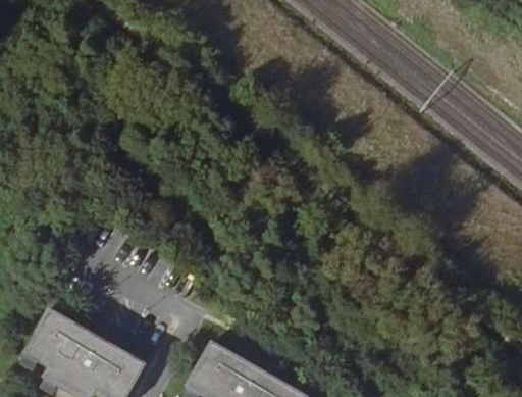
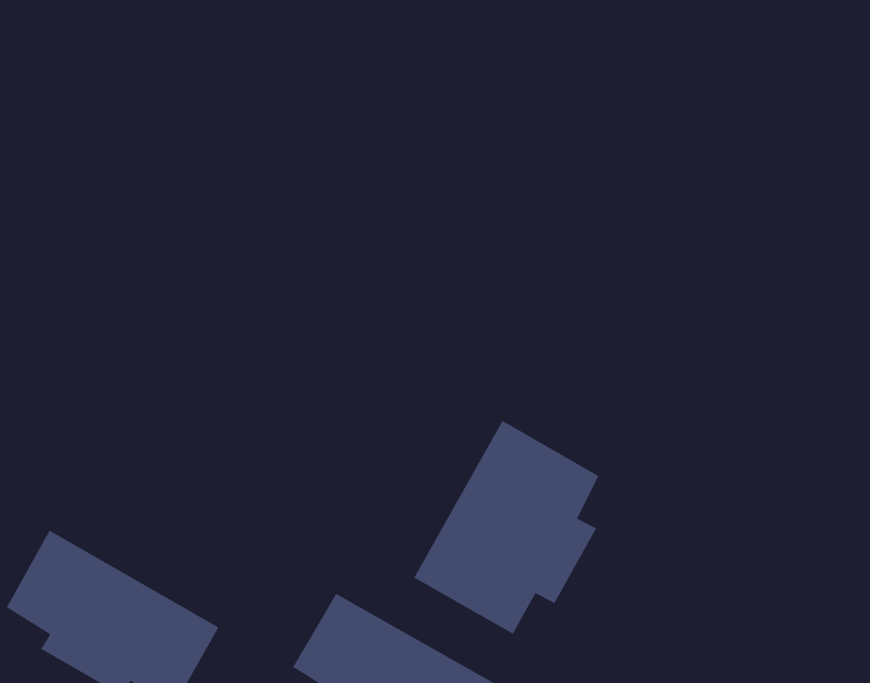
building: none -> [413,420,599,635]

